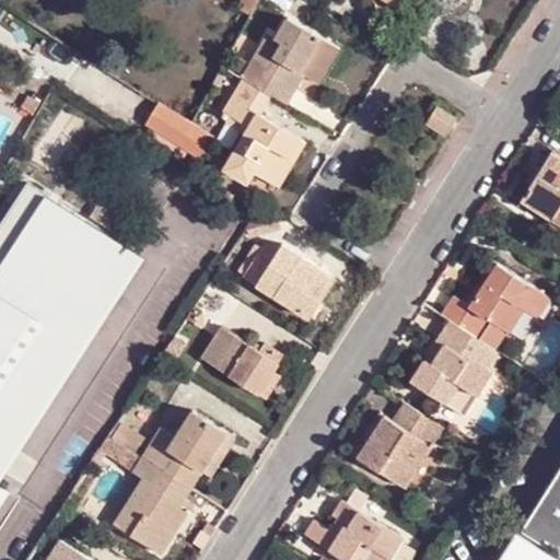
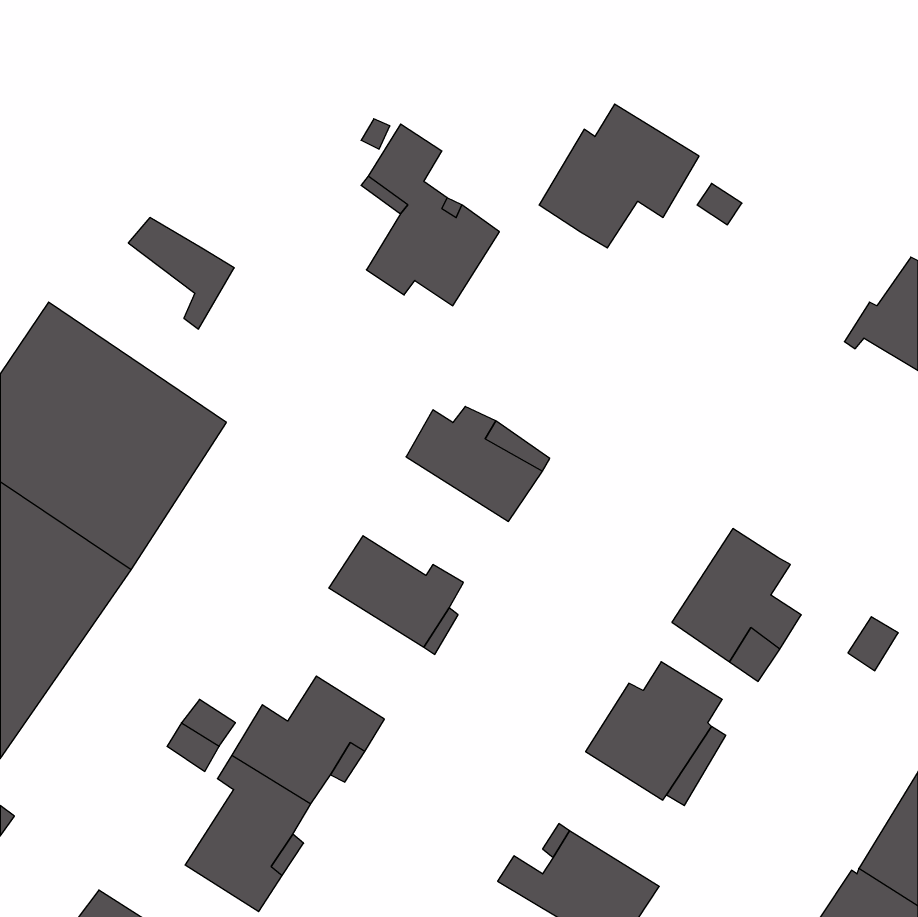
building: [244,15,341,103] -> [539,104,699,248]
building: [148,108,212,176] -> [128,218,234,329]
building: [439,265,547,340] -> none

